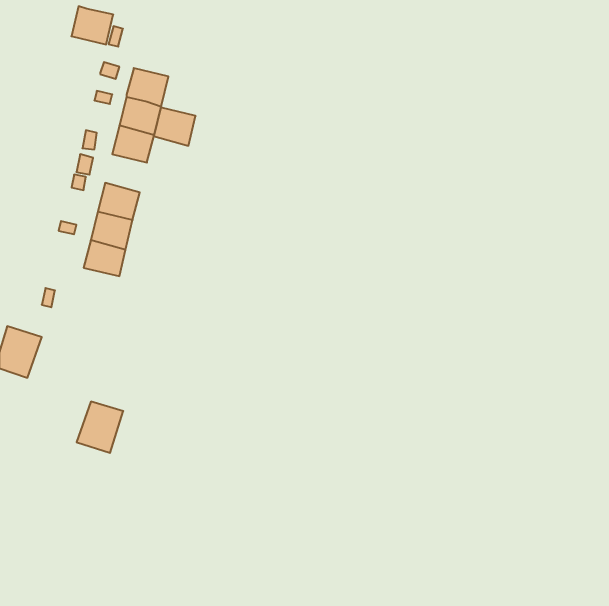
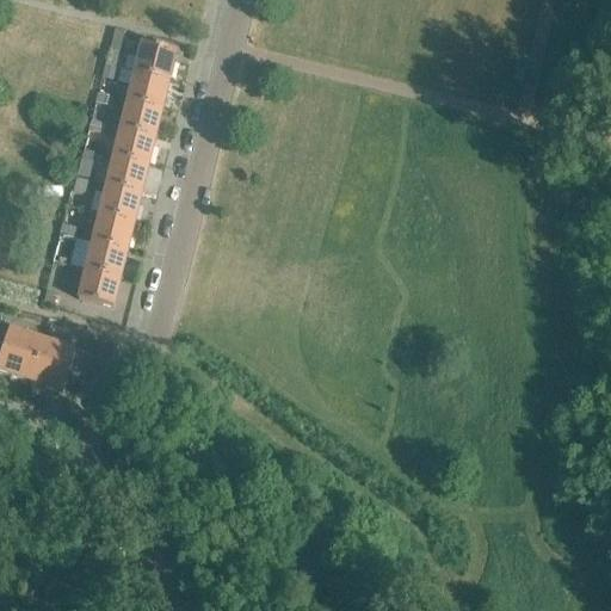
building: [71,6,113,45] -> [134,38,175,76]
building: [154,108,196,146] -> [105,154,147,192]
building: none -> [78,267,119,303]
building: [77,402,123,453] -> [27,337,74,388]

